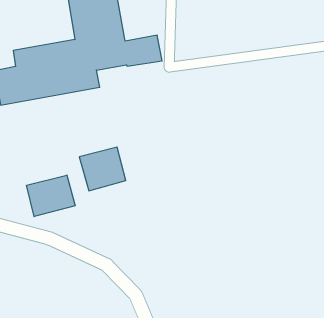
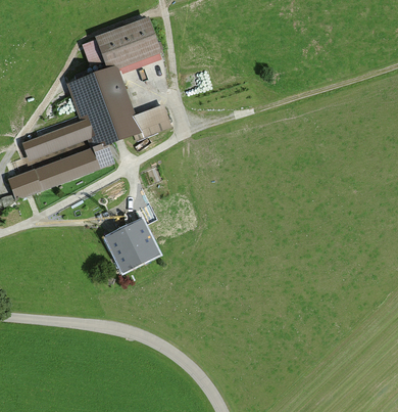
building: [27,175,75,217] -> none

